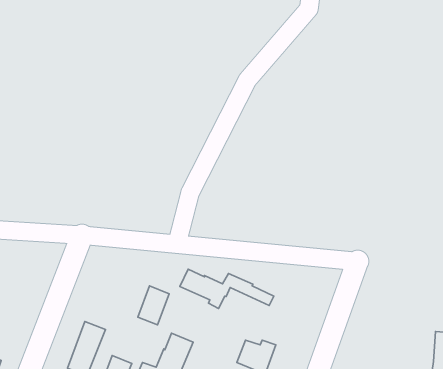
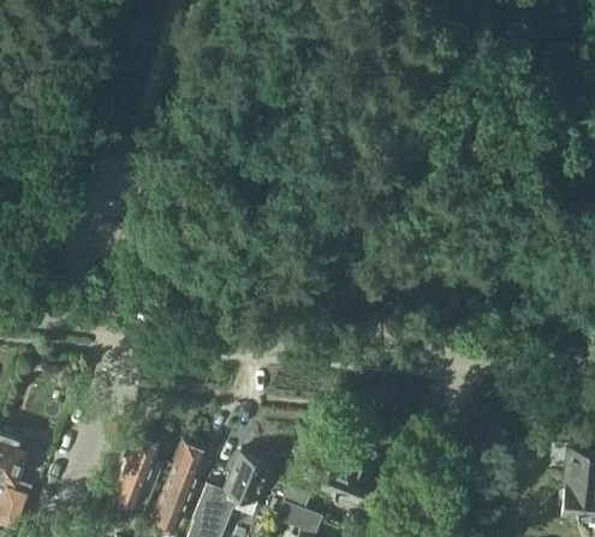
building: [180,269,274,308] -> none
building: [138,286,169,325] -> [168,442,207,490]

